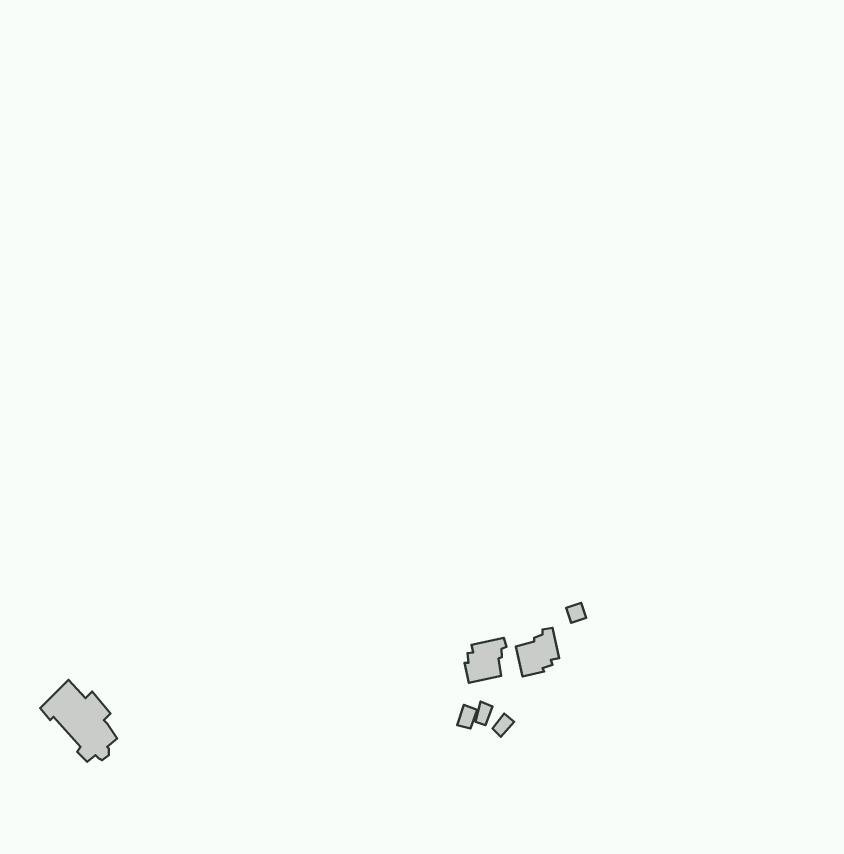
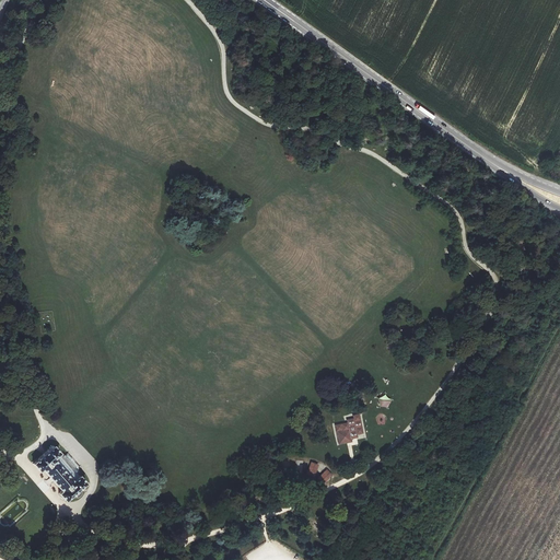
building: [465,638,506,683] -> none

